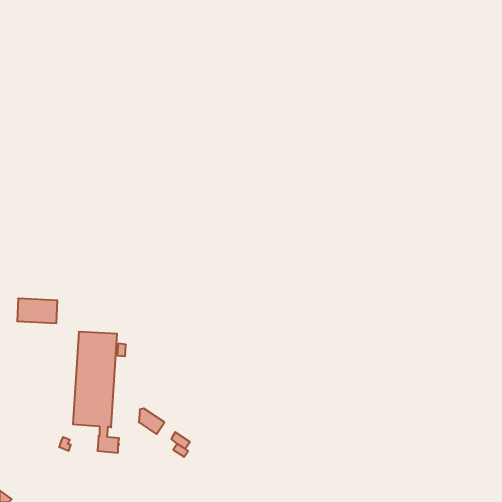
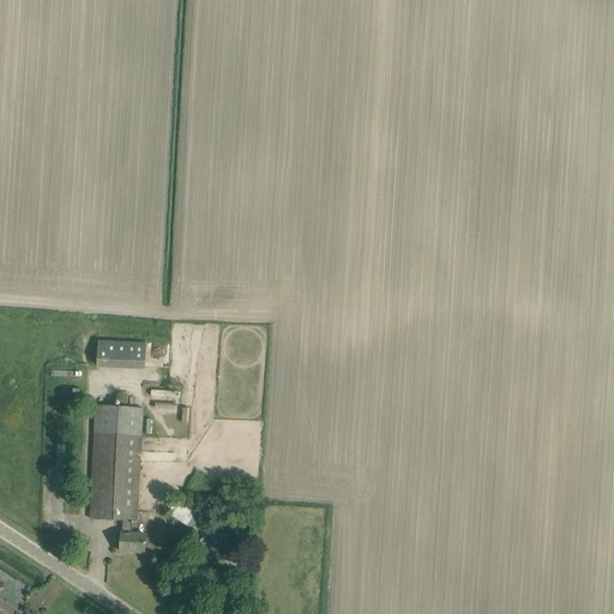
building: [17,299,57,323] -> [96,339,145,369]

